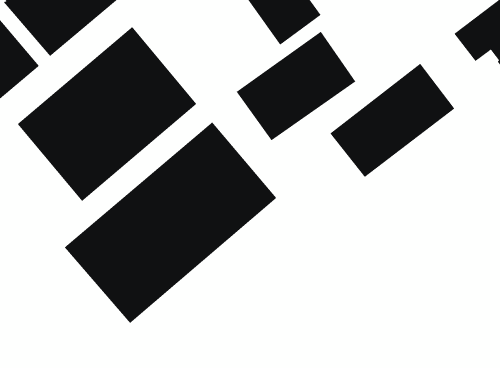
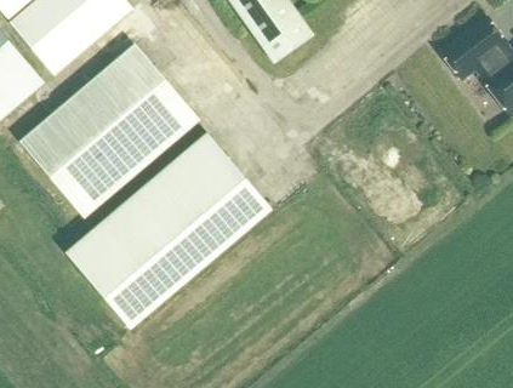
building: [236,31,356,141] -> none
building: [329,63,455,178] -> none

